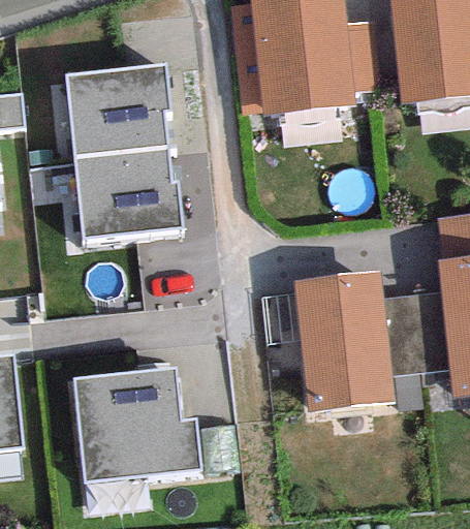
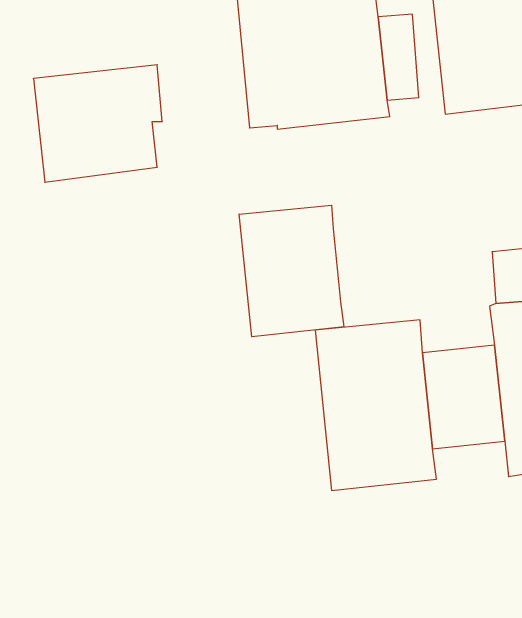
building: [73,147,181,240] -> none
building: none -> [239,205,344,337]
building: [72,368,201,484] -> none

